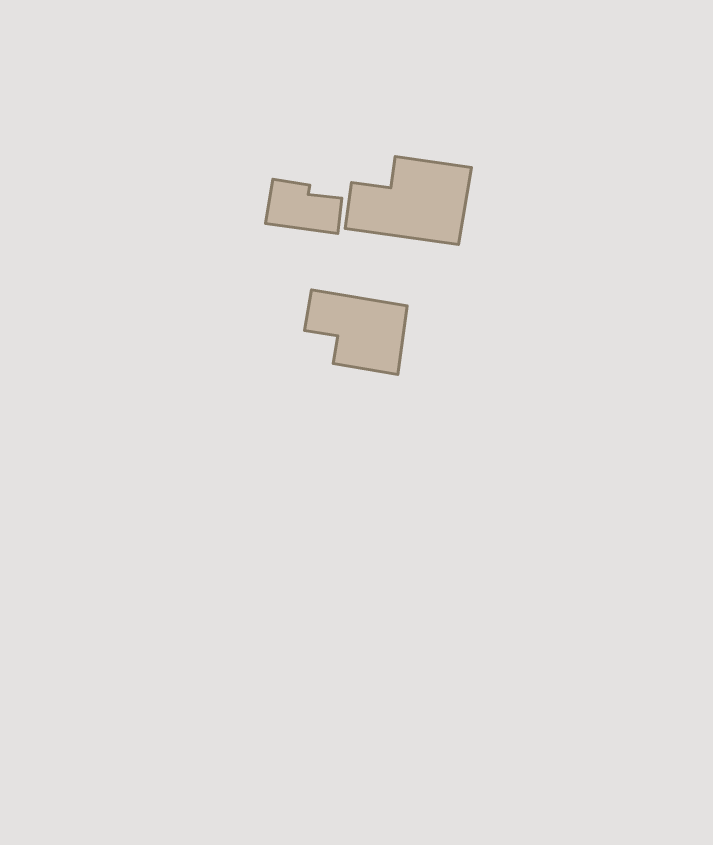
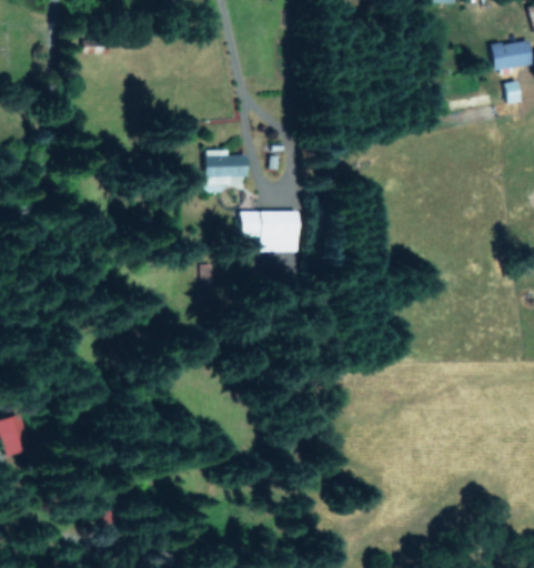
building: [345,157,472,244] -> none

